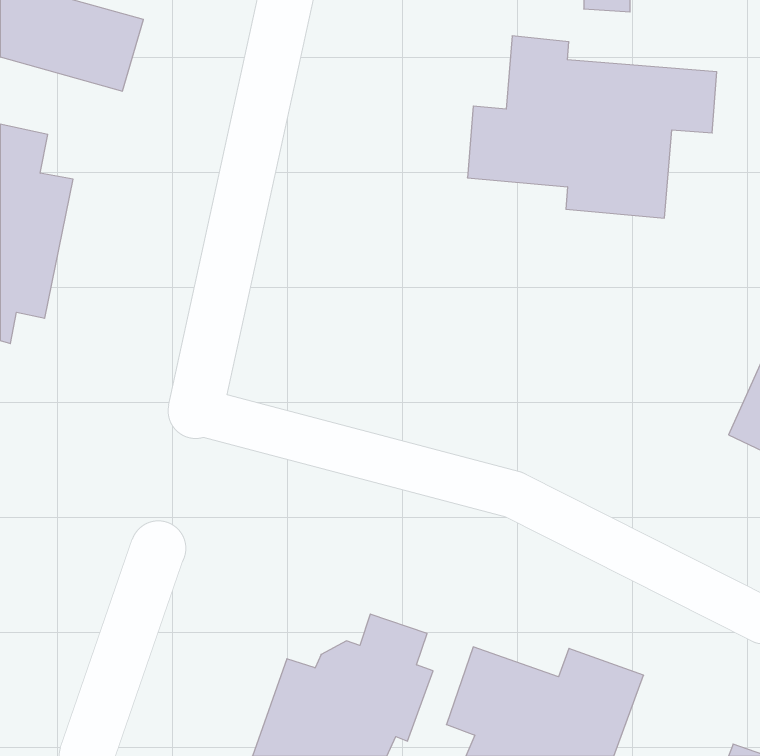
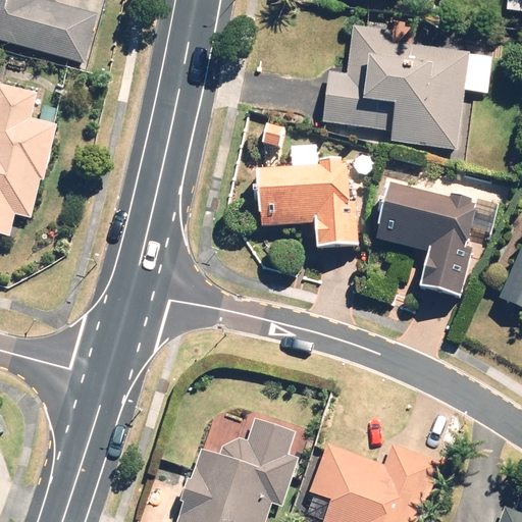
building: none -> [256,162,360,250]
building: none -> [373,188,473,297]

